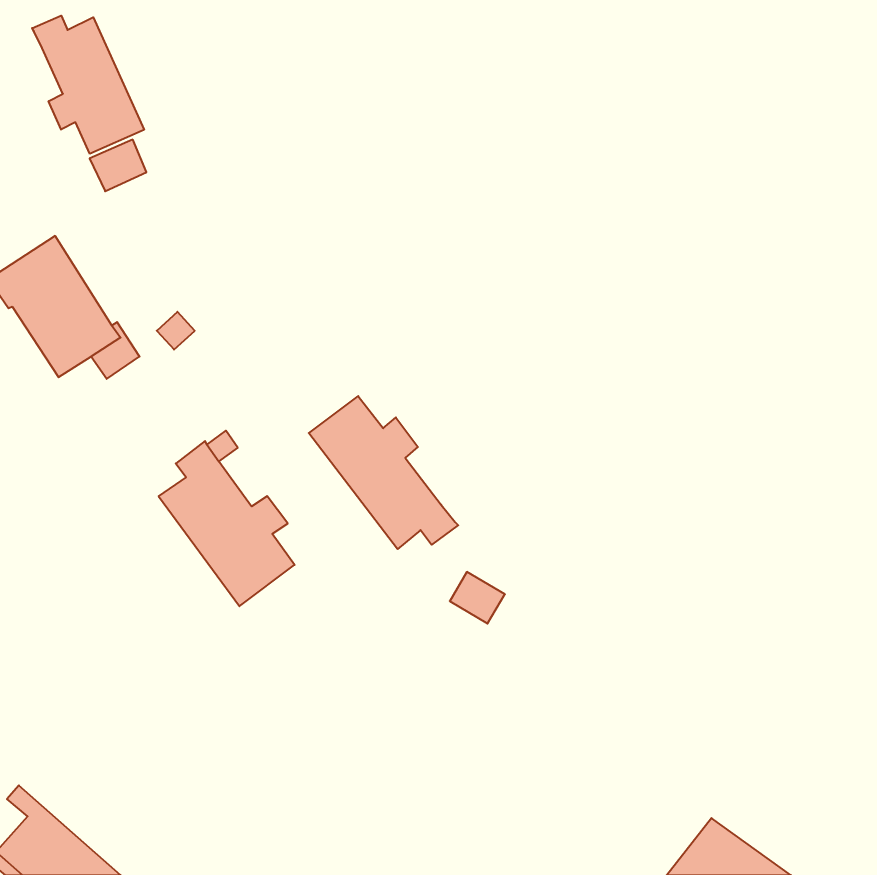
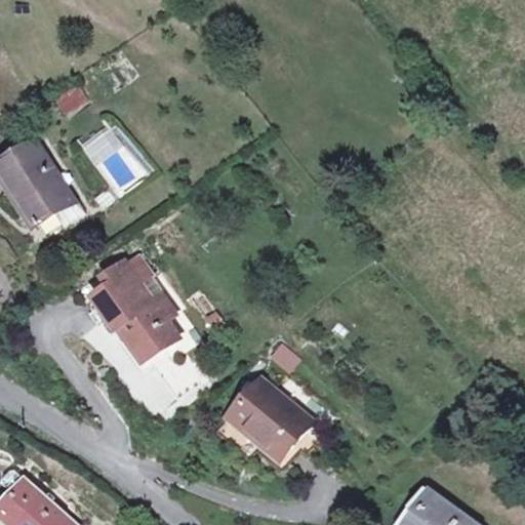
building: [32,16,144,154] -> none
building: [309,396,458,549] -> none
building: none -> [228,379,311,459]

